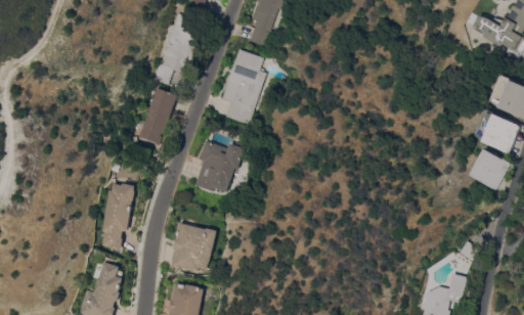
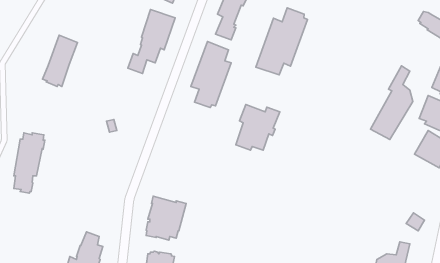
building: none -> [256,8,308,75]
building: none -> [371,66,413,139]
building: [138,87,177,144] -> [43,35,77,86]
building: [194,140,244,191] -> [236,105,280,150]
building: [101,183,136,251] -> [14,133,45,193]

